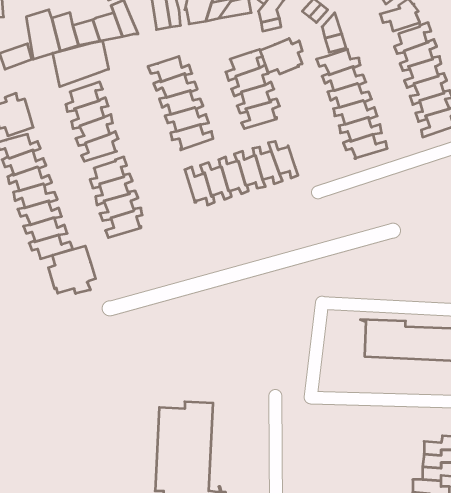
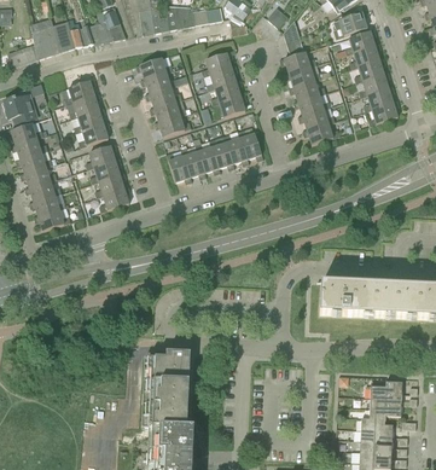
building: [260,38,302,74] -> none
building: [53,41,109,87] -> none
building: [48,246,96,294] -> none

